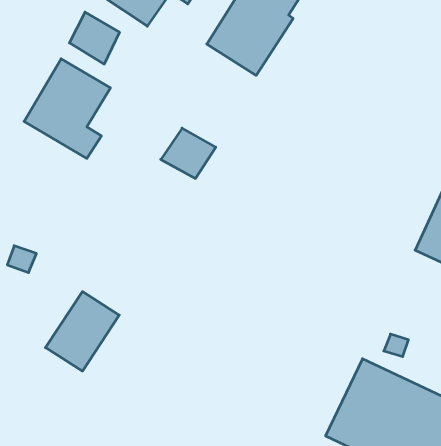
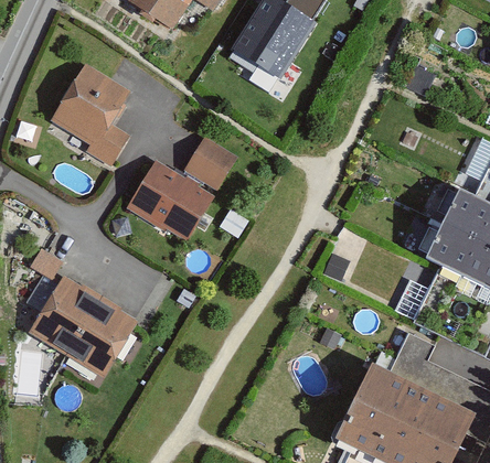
building: [69,12,119,64] -> none
building: none -> [126,158,216,238]
building: none -> [30,273,103,352]

